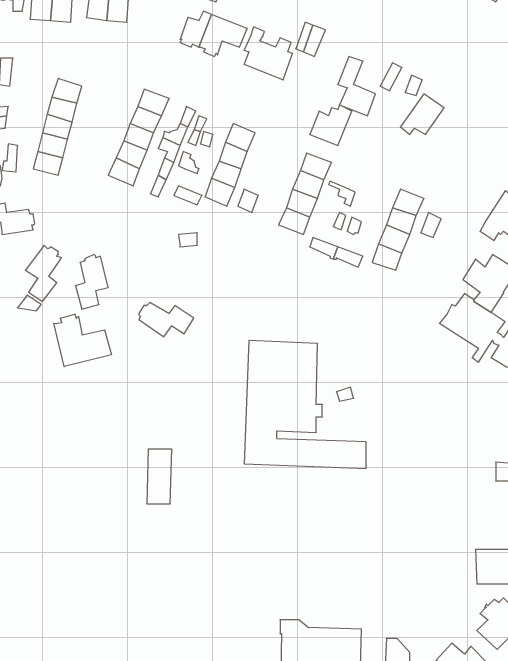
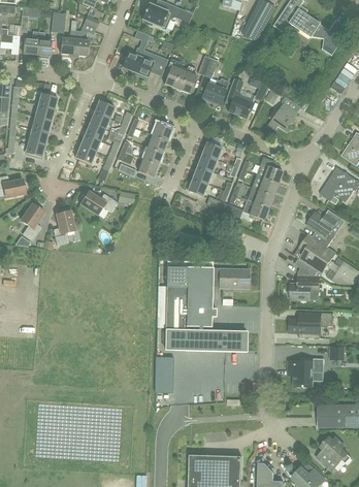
building: [310,105,352,145] -> [201,77,229,104]
building: [139,302,194,337] -> [80,191,117,214]
building: [54,314,111,367] -> none
building: none -> [288,261,320,299]
building: none -> [219,267,250,288]
building: none -> [289,312,333,337]
building: [147,449,172,504] -> [155,355,171,391]
building: none -> [288,357,324,386]

